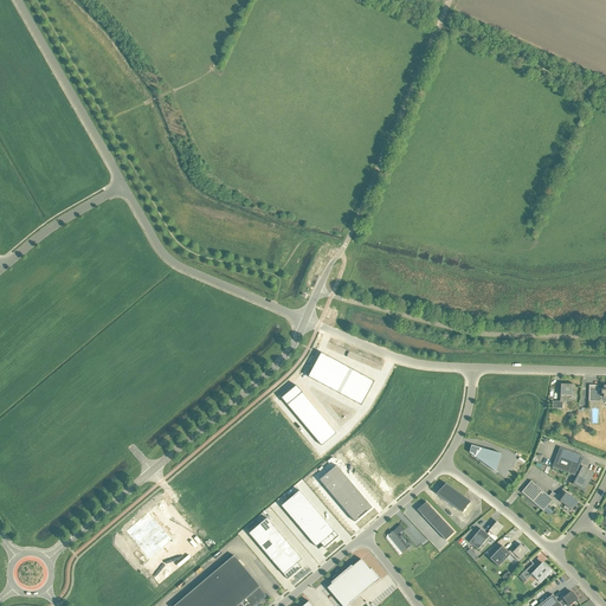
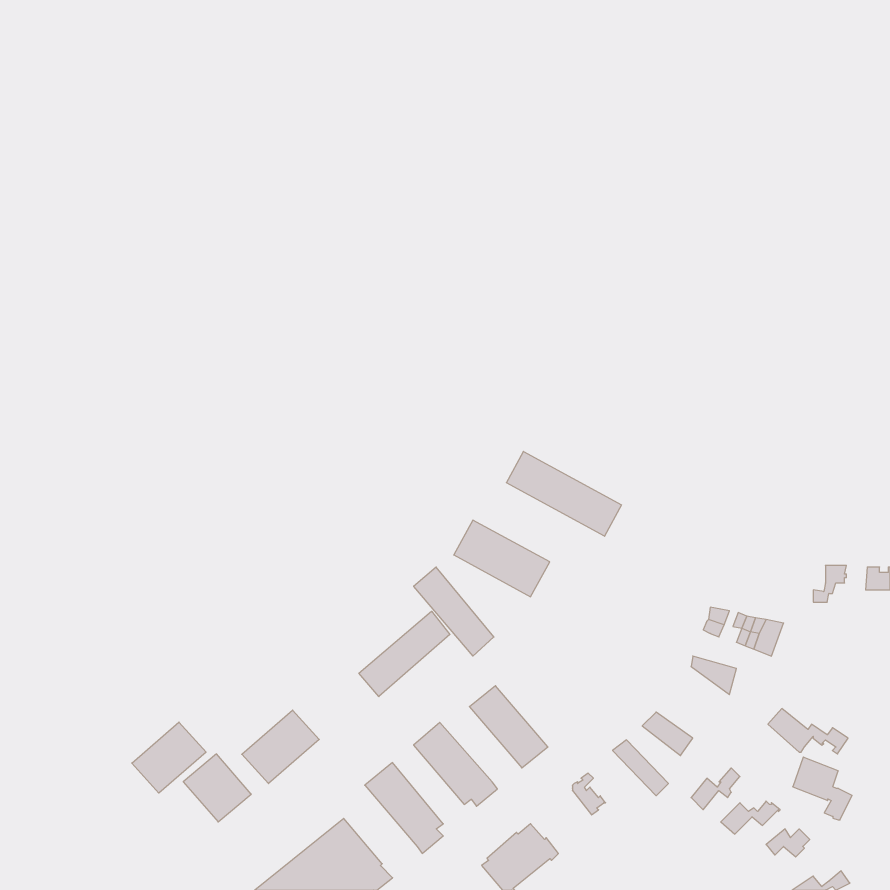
building: none -> [506,451,621,536]
building: none -> [359,611,450,697]
building: [552,446,592,489] -> [793,757,852,820]
building: none -> [242,710,319,784]
building: none -> [132,722,206,793]

